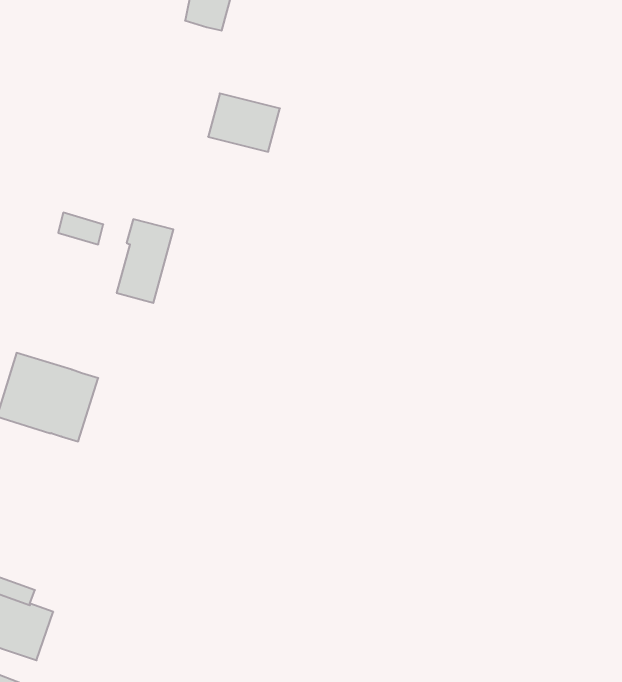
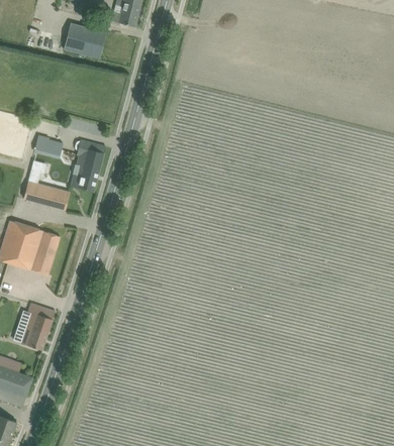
building: [208,93,280,152] -> [63,23,106,59]
building: none -> [23,181,69,209]
building: none -> [20,304,55,349]

